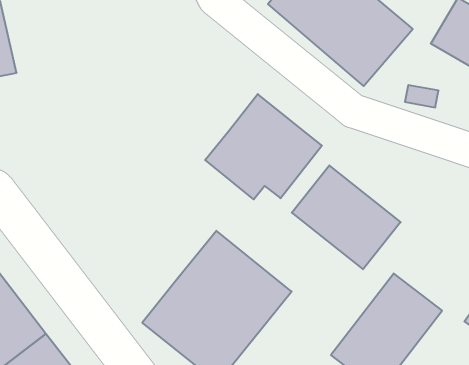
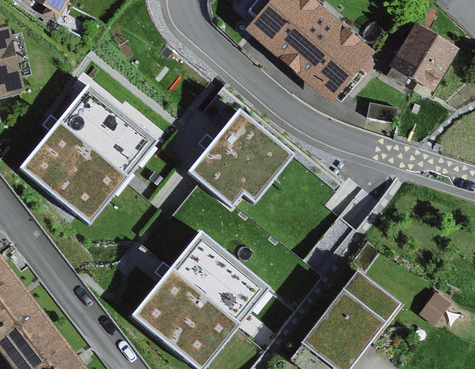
building: none -> [21,86,155,222]
building: [292,165,401,269] -> none

